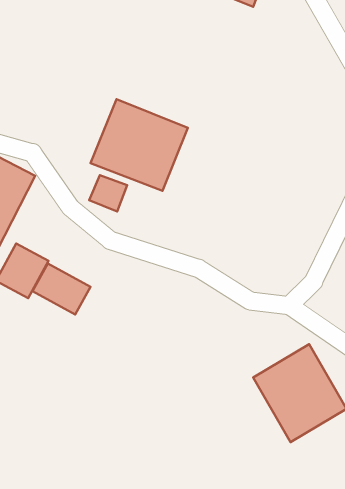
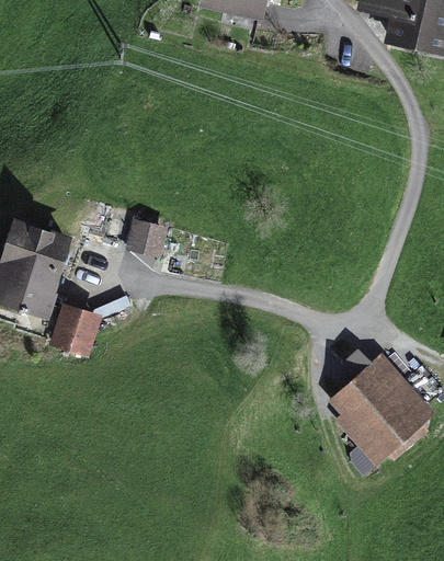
building: [90,99,188,191] -> none
building: [32,264,91,315] -> none

